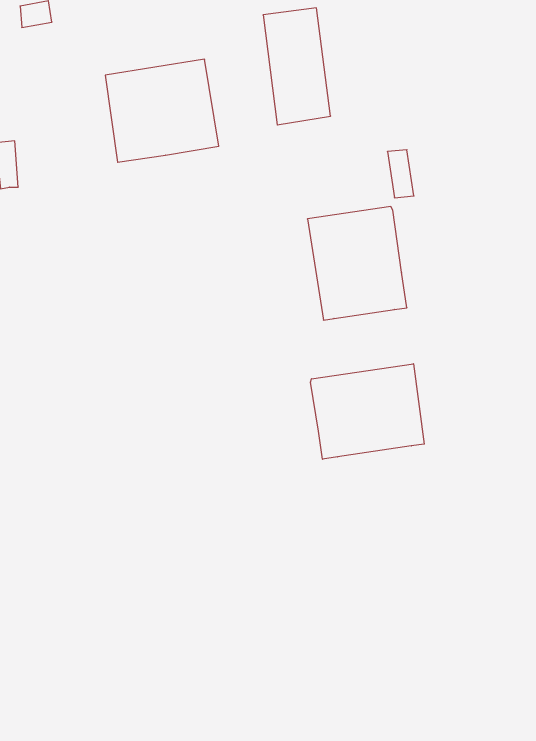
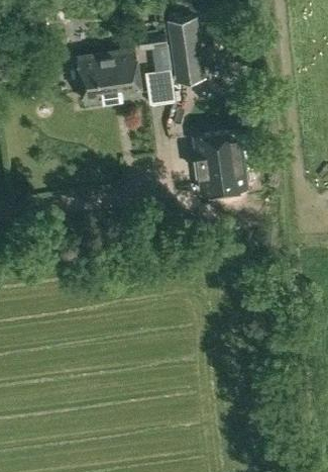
building: none -> [137,35,175,106]
building: [311,364,424,459] -> none

